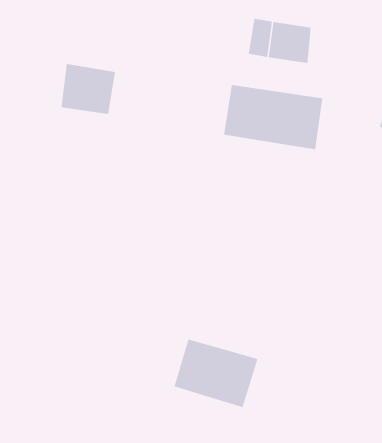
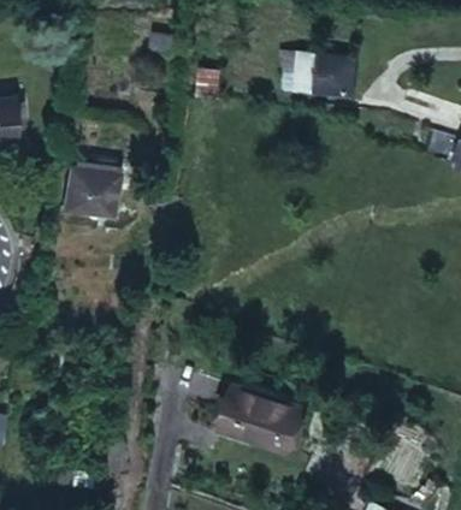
building: [60,63,116,115] -> [61,165,118,218]
building: [223,84,323,150] -> none

